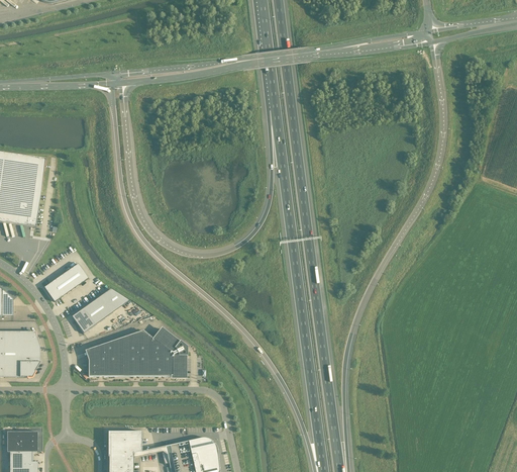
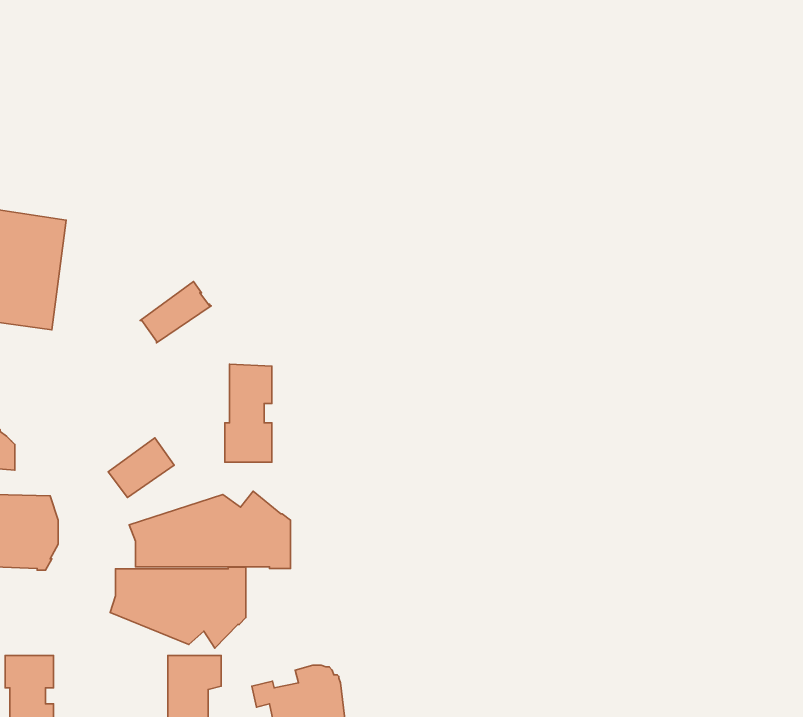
building: none -> [225,364,272,462]
building: [43,262,88,300] -> [140,282,211,343]
building: none -> [110,567,246,648]

